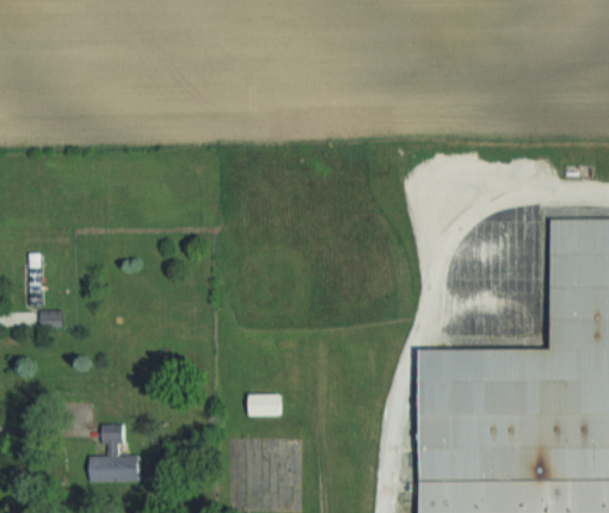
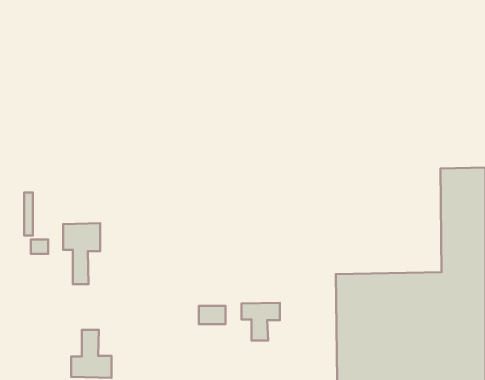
building: none -> [63,223,100,284]
building: none -> [241,303,280,341]

